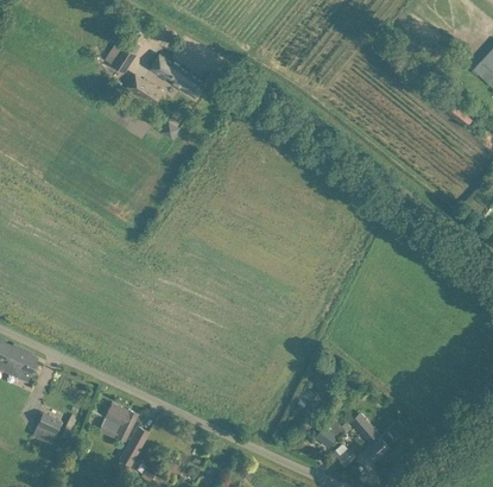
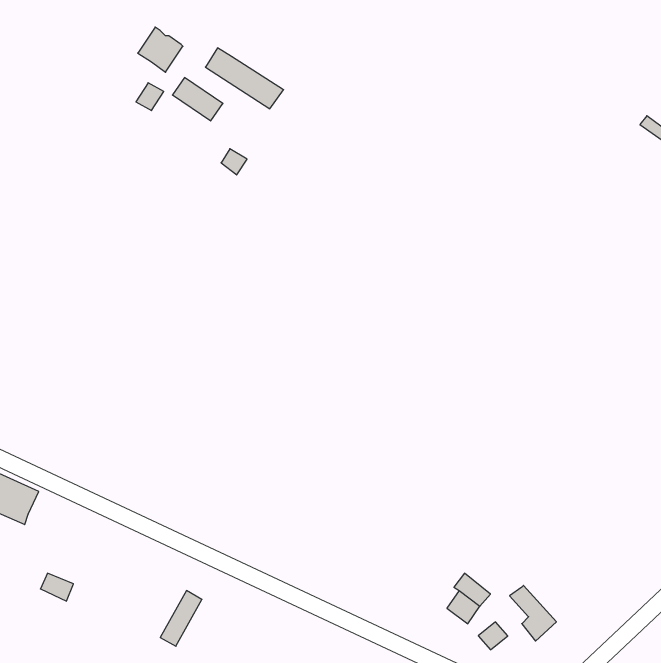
building: [101,403,138,441] -> none

